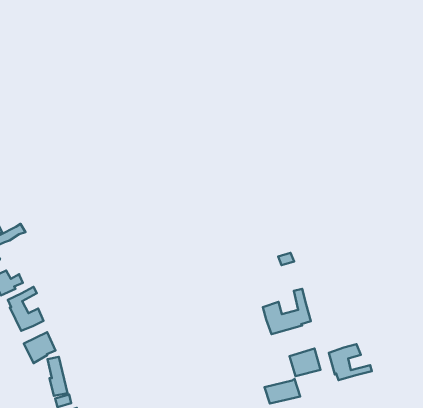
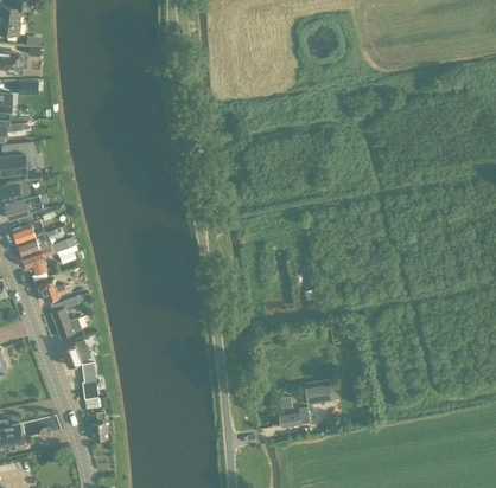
building: [263,289,311,334] -> none
building: [329,344,372,380] -> none

